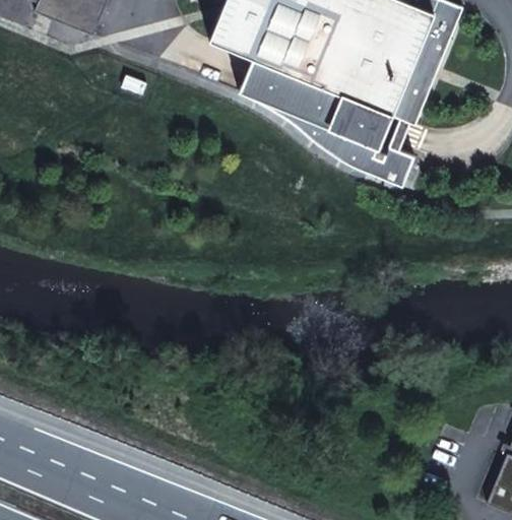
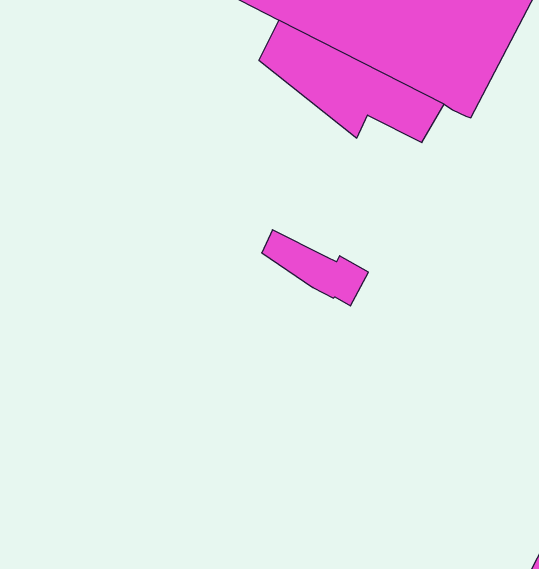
building: [325,127,412,183] -> [262,230,368,306]

